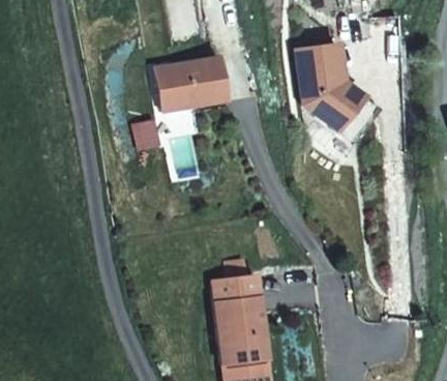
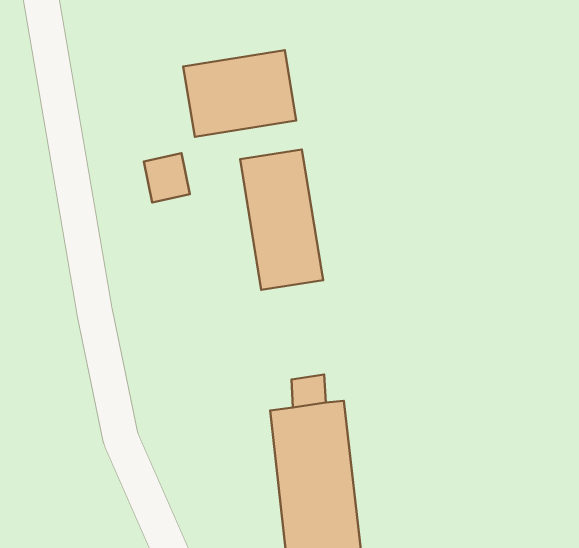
building: [299,45,383,142] -> none
building: none -> [240,149,323,290]

